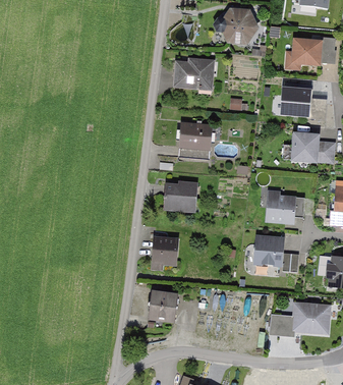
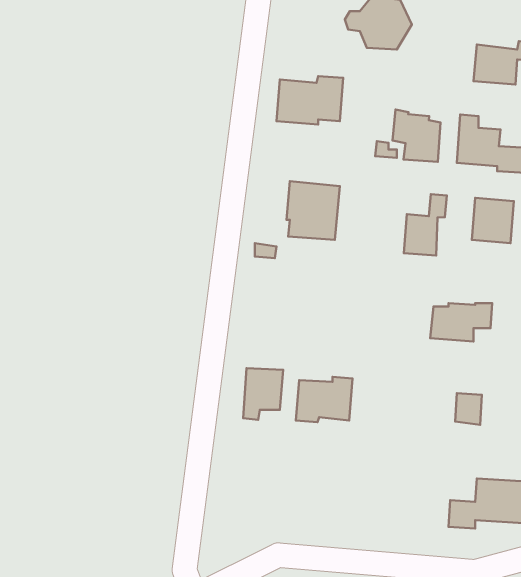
building: none -> [393,109,441,162]
building: none -> [404,194,447,255]
building: [164,182,198,210] -> [296,377,352,422]
building: [252,238,282,266] -> none
building: [146,293,176,324] -> none

